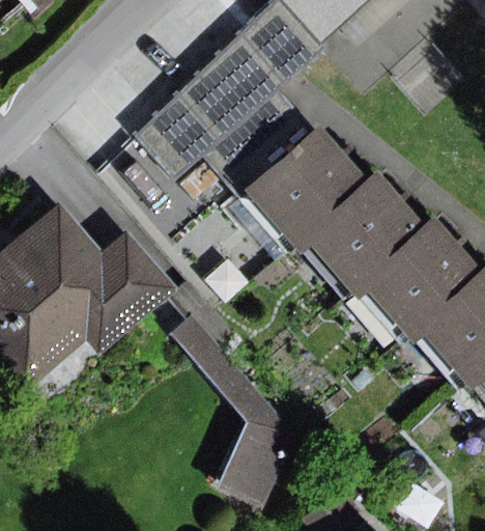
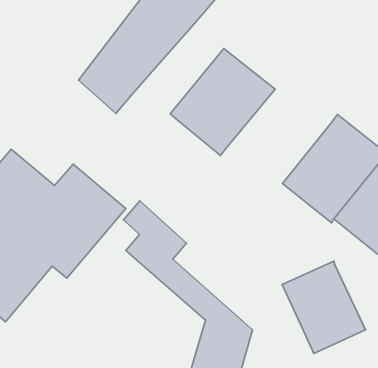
building: [204,89,306,186] -> none
building: [291,165,416,288] -> none
building: none -> [282,261,366,354]

